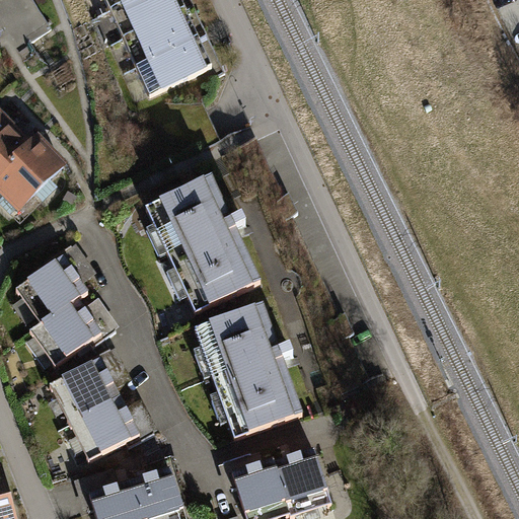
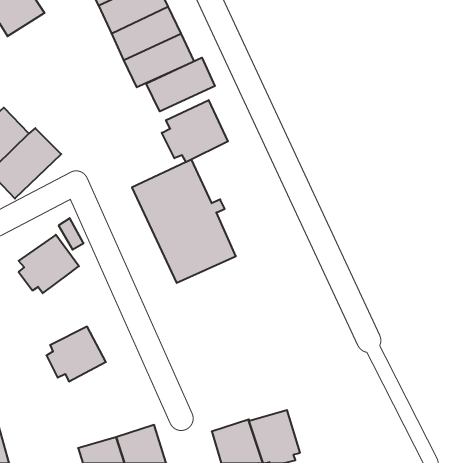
building: none -> [146,58,215,111]
building: none -> [162,100,228,162]
building: [35,299,100,361] -> none
building: [192,308,298,435] -> none
building: [70,395,136,455] -> none

